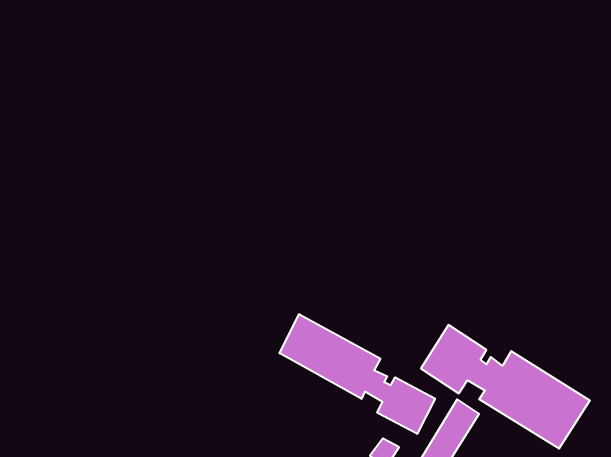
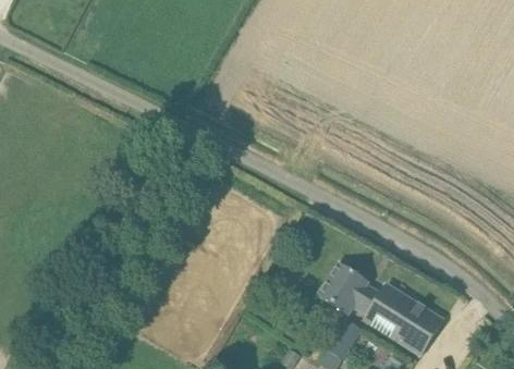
building: [279,314,435,434] -> none

